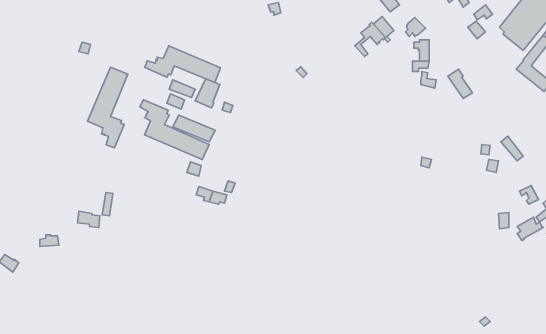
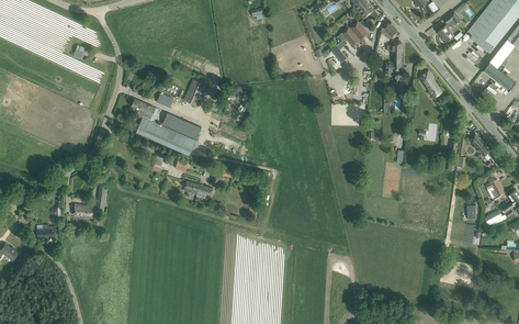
building: [145,46,221,82] -> none
building: [87,67,128,148] -> none

